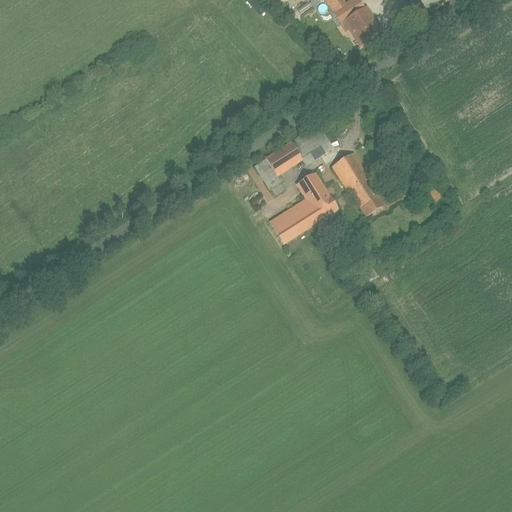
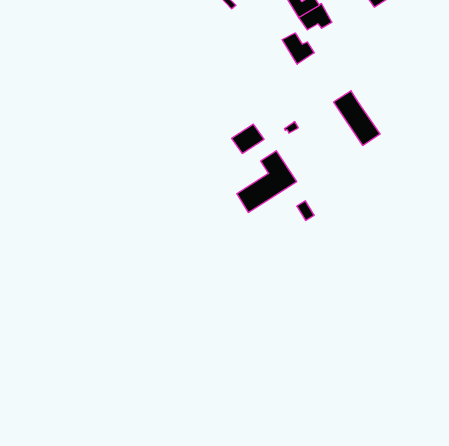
building: none -> [282,33,314,64]
building: [332,153,385,215] -> [334,91,380,145]

